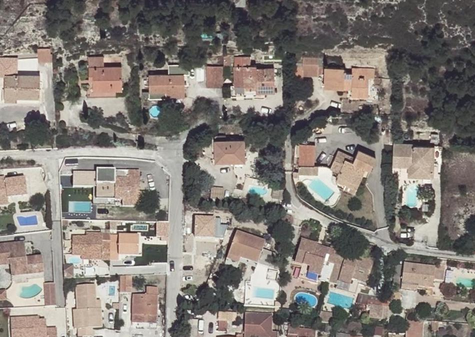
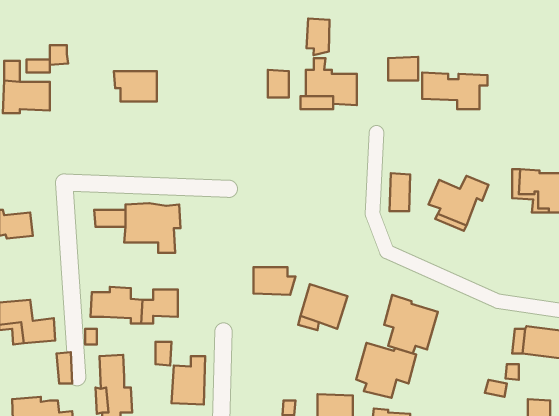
building: none -> [306,18,329,55]
building: [149,63,189,94] -> none
building: [214,139,244,163] -> none
building: [328,251,374,293] -> [356,343,416,398]

